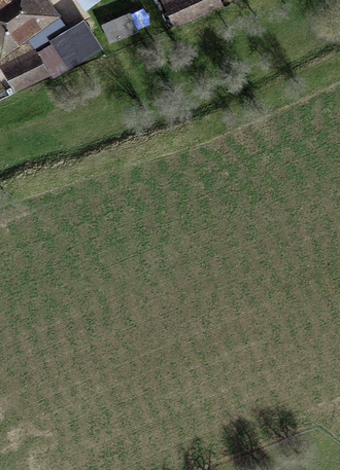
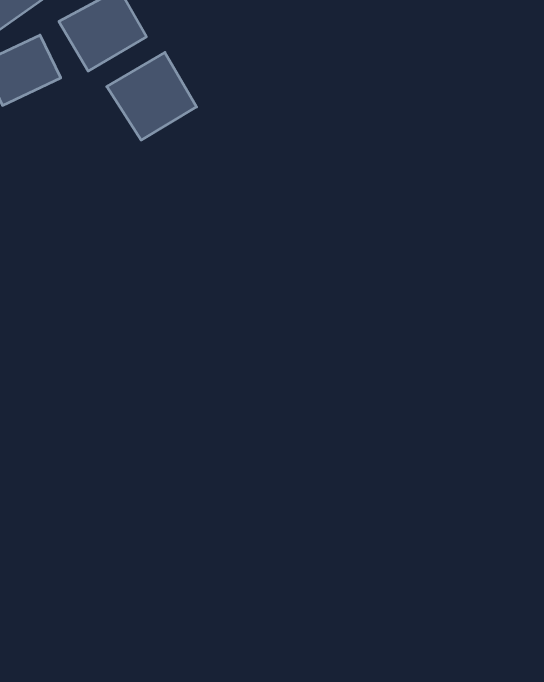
building: none -> [107,52,197,140]

